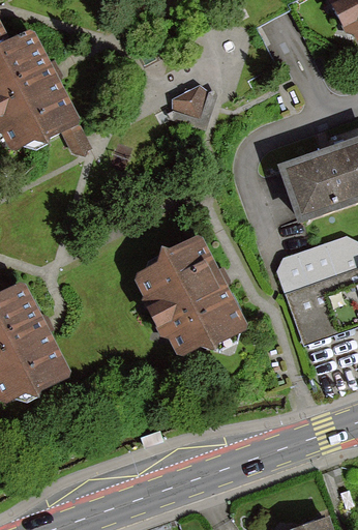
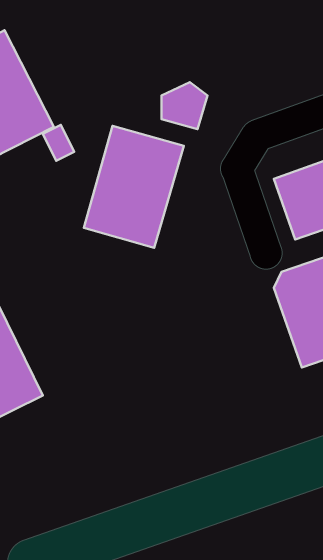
building: none -> [84,126,184,248]
building: [132,244,245,366] -> none

